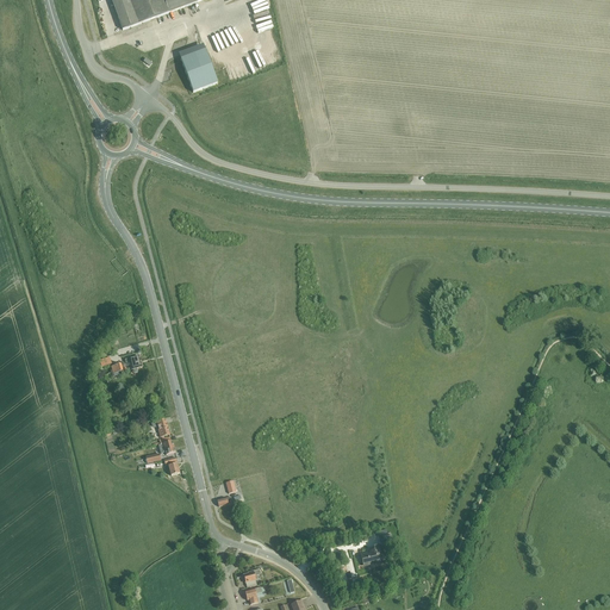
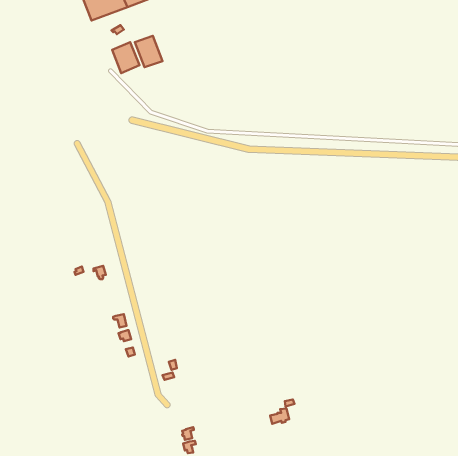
building: none -> [112,42,139,73]

